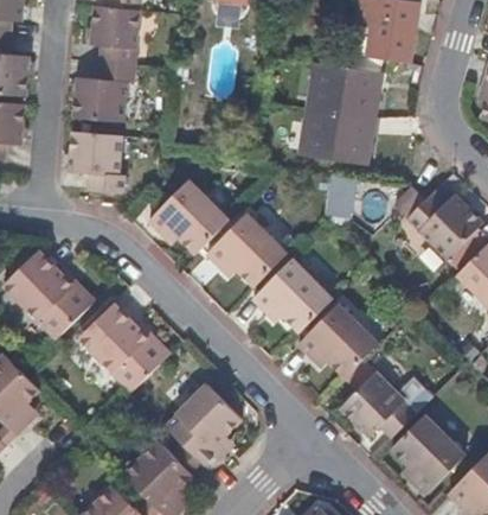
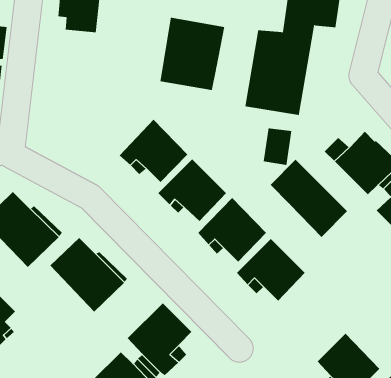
building: none -> [160,17,225,91]
building: [75,63,133,126] -> none
building: [68,133,126,195] -> none
building: none -> [270,159,348,238]
building: [336,373,415,439] -> none

